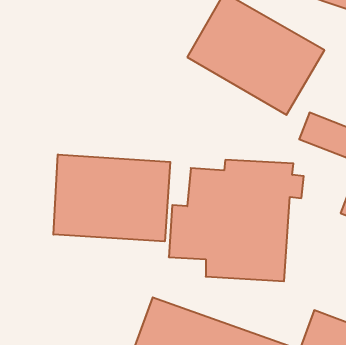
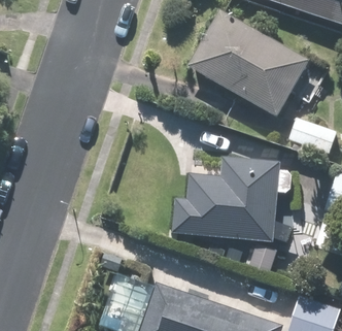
building: [53,154,170,241] -> none

